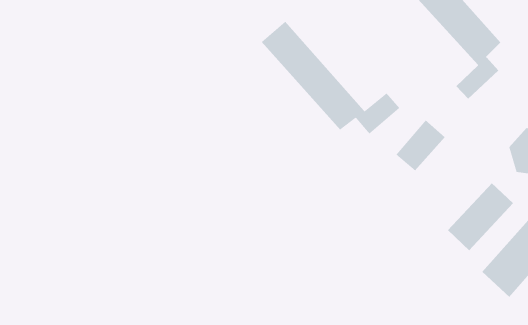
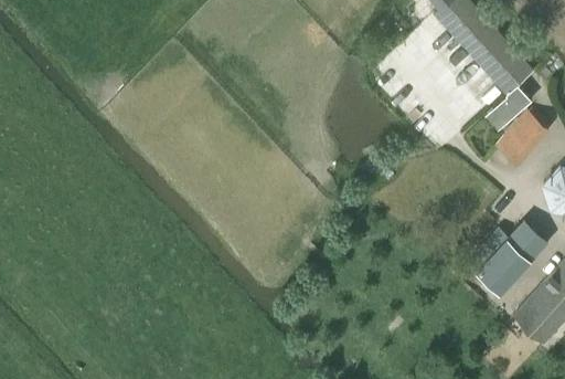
building: [261,21,400,134] -> none
building: [395,119,445,171] -> [495,109,548,165]

